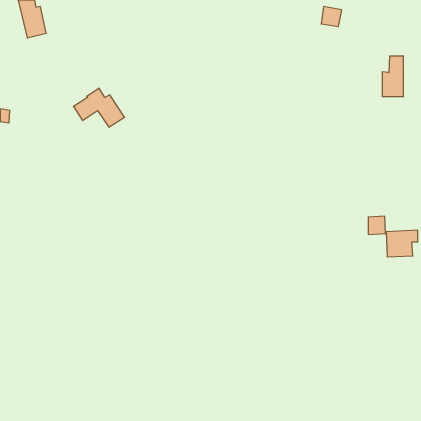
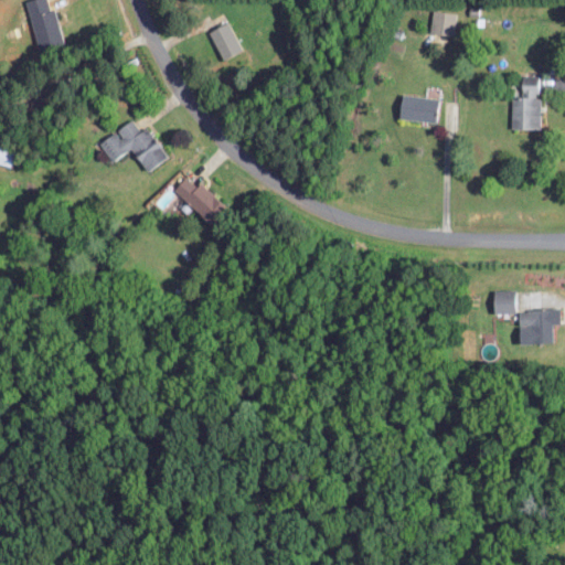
building: none -> [209,22,241,60]
building: none -> [399,95,438,122]
building: none -> [174,178,227,225]

